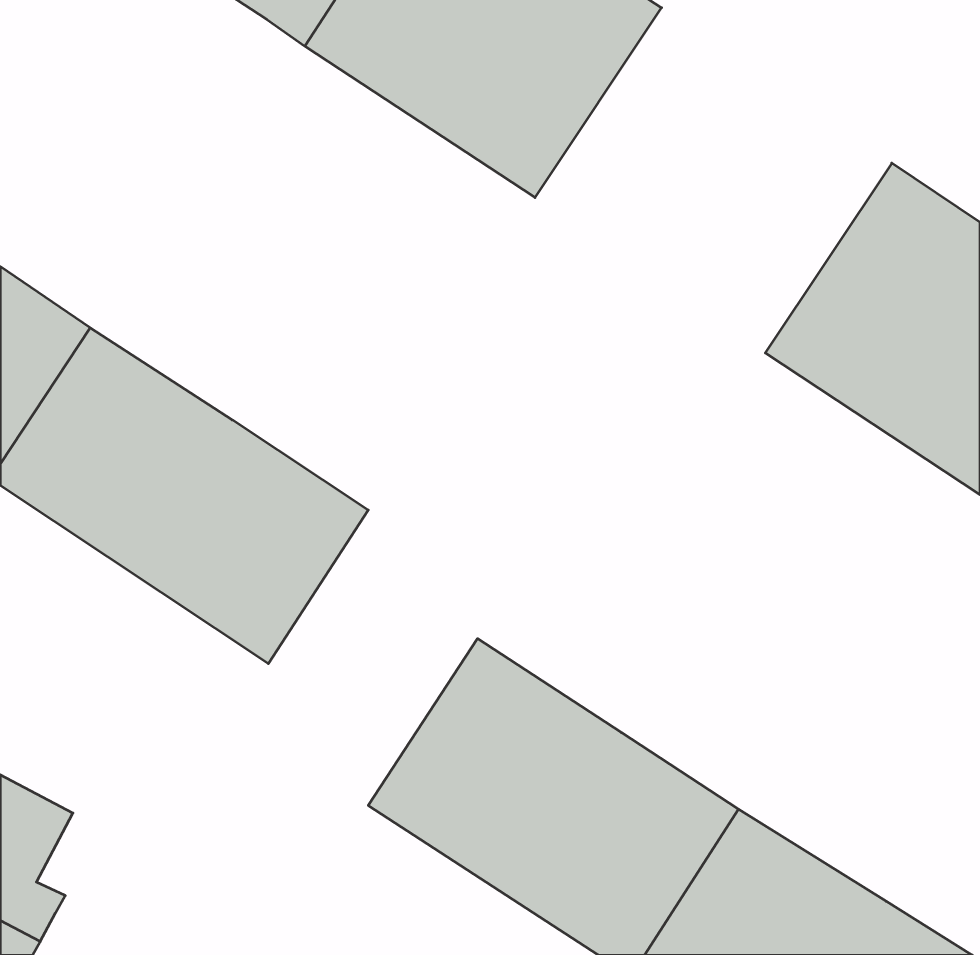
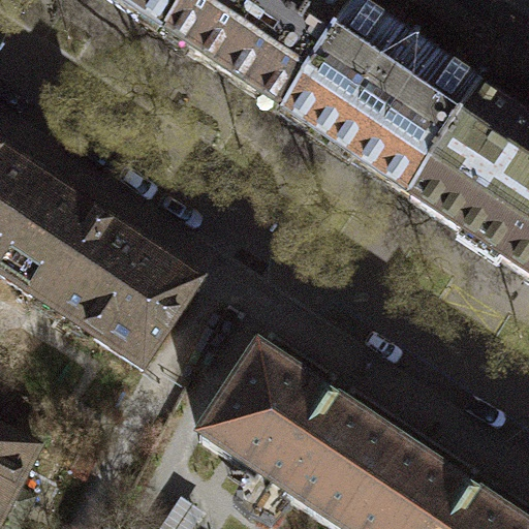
building: none -> [288,4,480,190]

